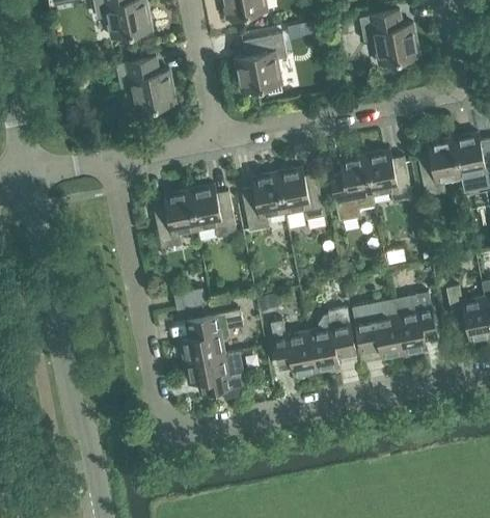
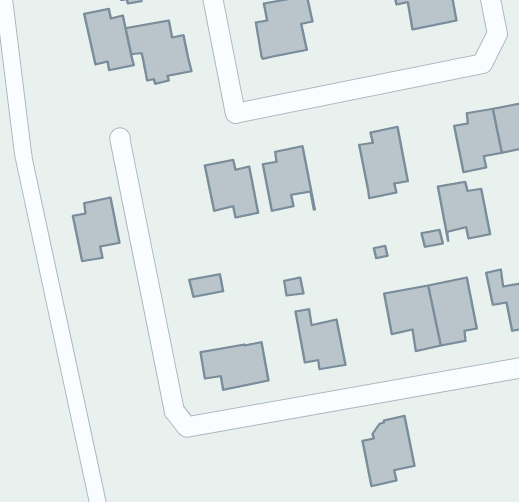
building: none -> [84,9,134,70]
building: [365,151,413,205] -> [438,182,490,241]
building: [278,167,326,230] -> none
building: [155,190,197,248] -> [73,198,119,261]
building: [309,308,357,373] -> [362,416,415,486]
building: [181,310,244,361] -> none

